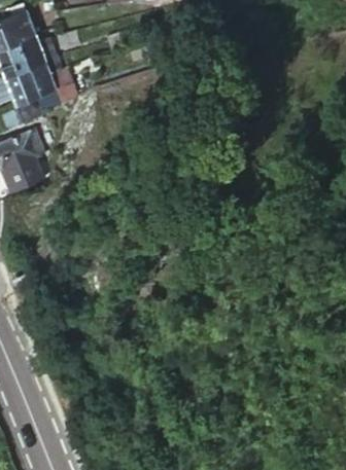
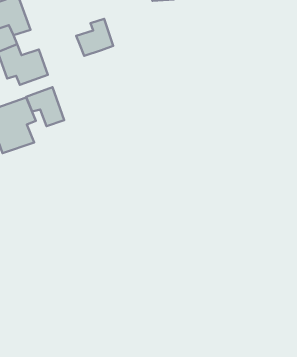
building: [20,39,62,81] -> [76,19,113,56]
building: none -> [26,87,64,126]

